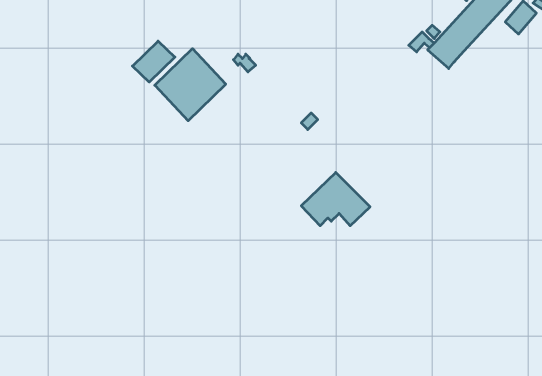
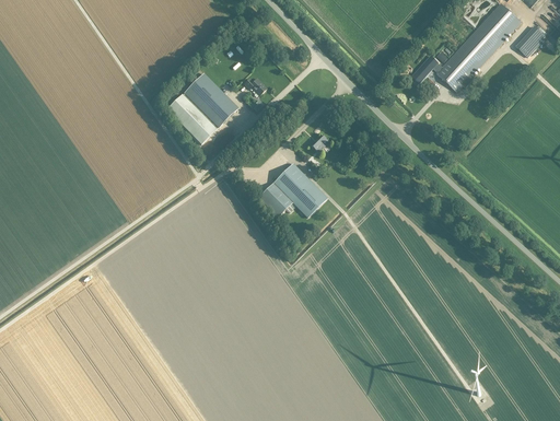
building: [132,41,175,82] -> none
building: [301,172,370,226] -> [259,163,327,215]

